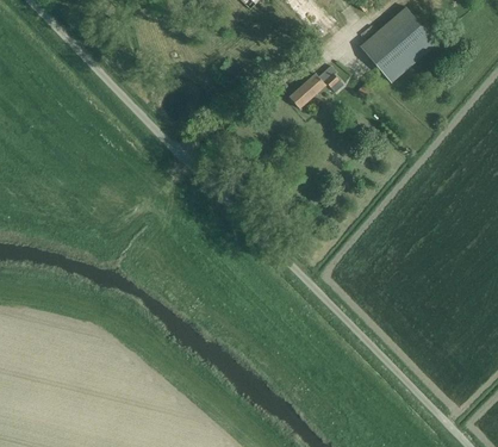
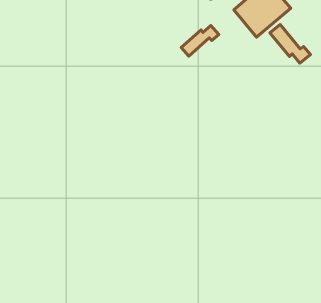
building: none -> [270,24,310,63]

